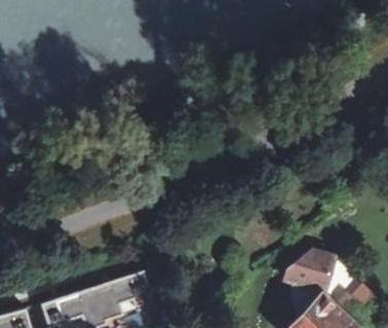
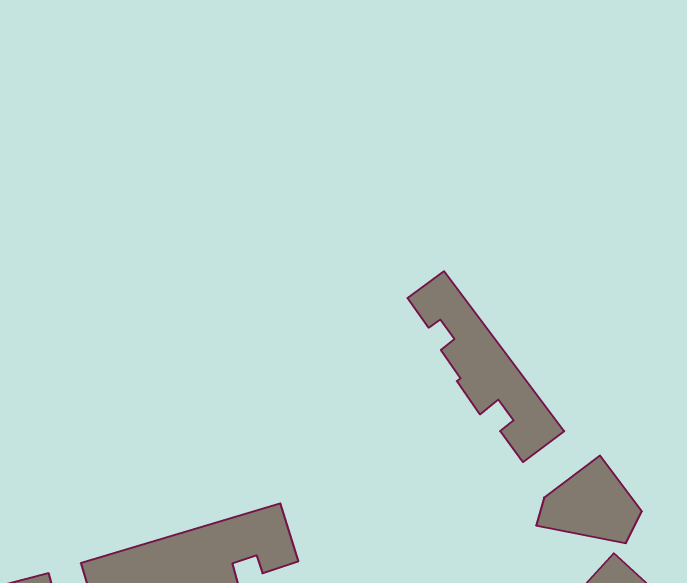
building: none -> [407,271,564,462]

